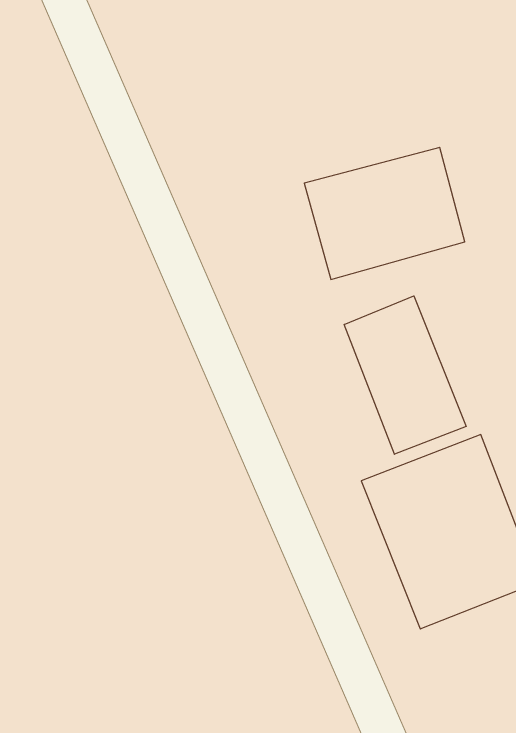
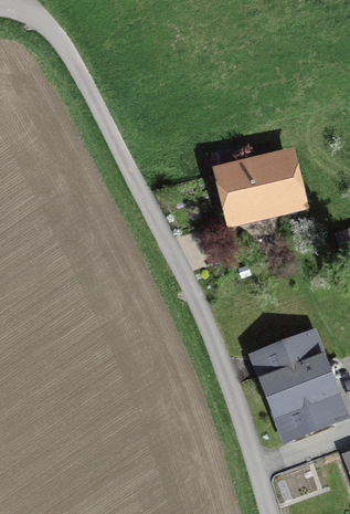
building: [344,296,466,454] -> none

